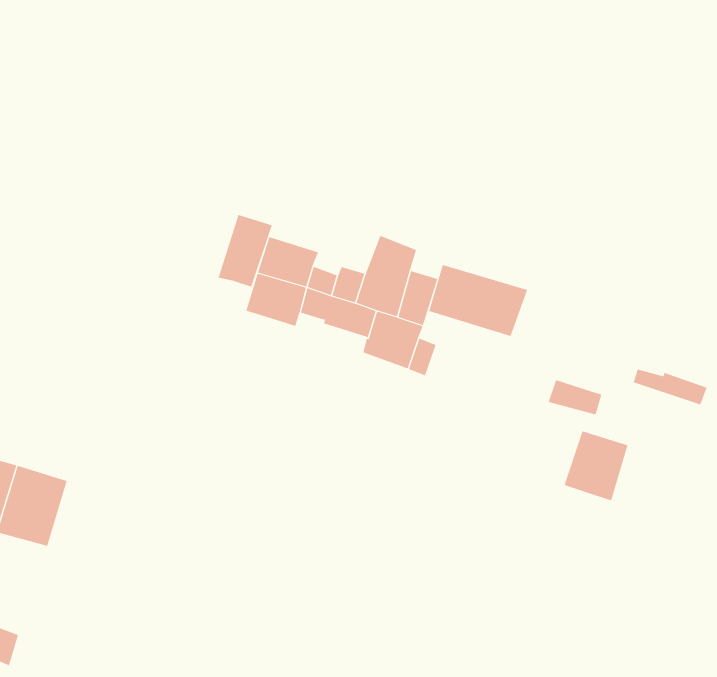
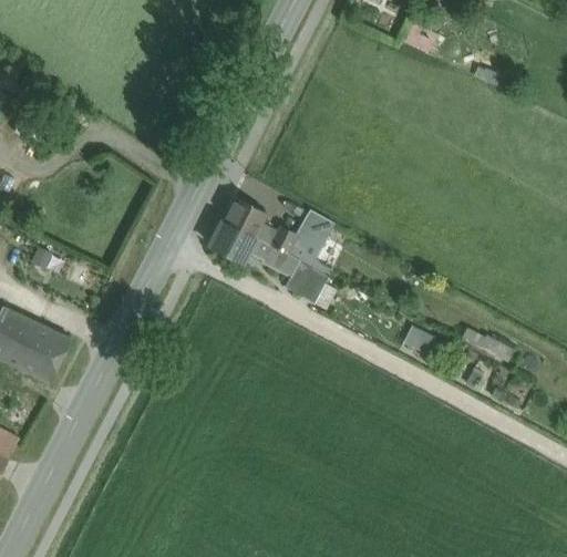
building: [218,214,273,288] -> none
building: [429,264,528,337] -> none
building: [564,430,628,501] -> none

